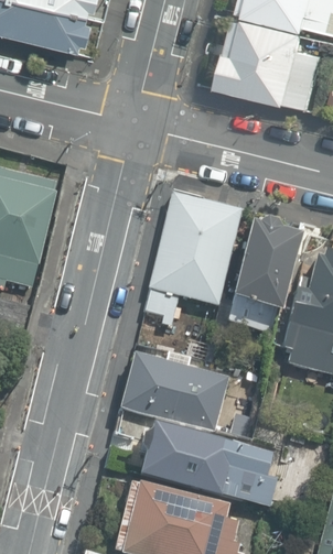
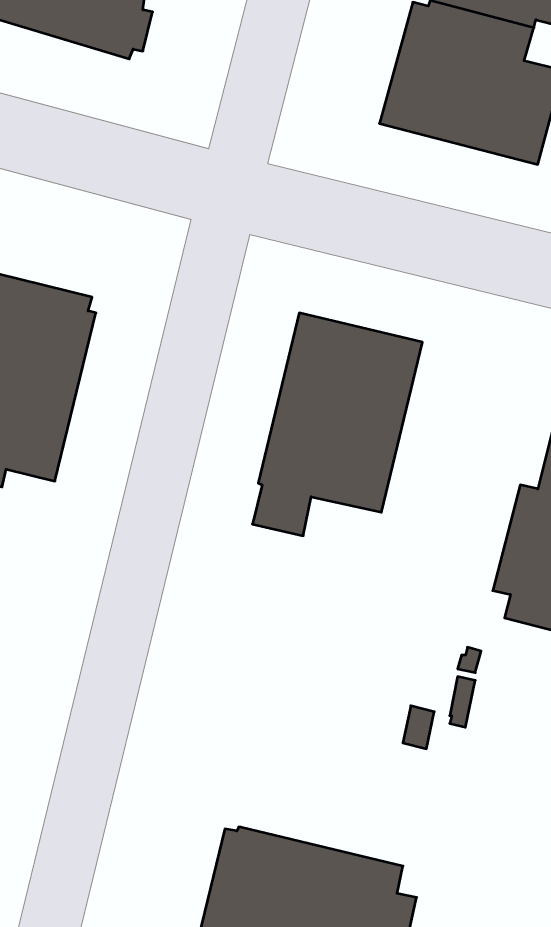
building: [229,219,302,332] -> none
building: [120,355,227,431] -> none
building: [138,423,276,506] -> none

